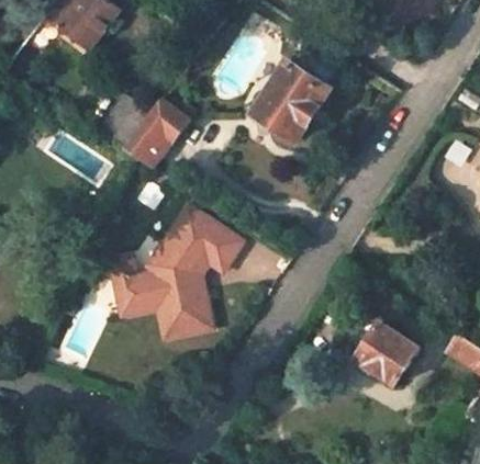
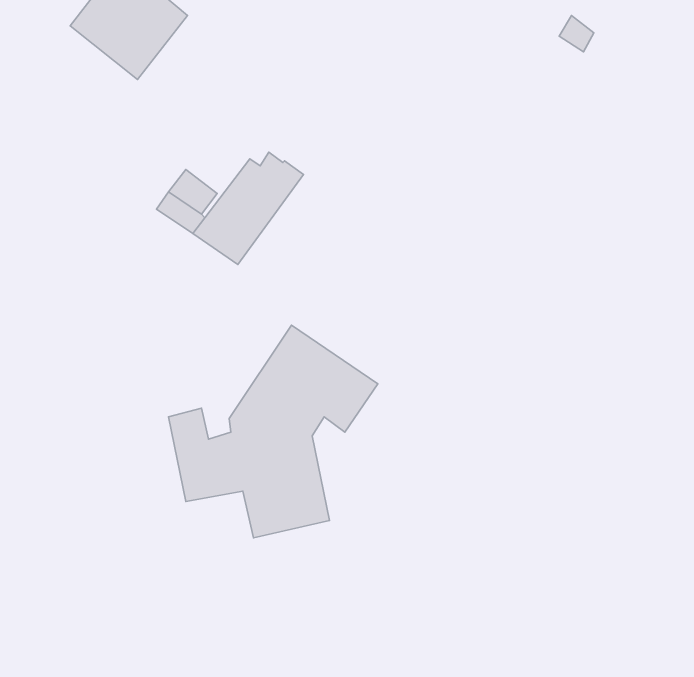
building: [255,65,330,143] -> none
building: [338,306,418,385] -> none

